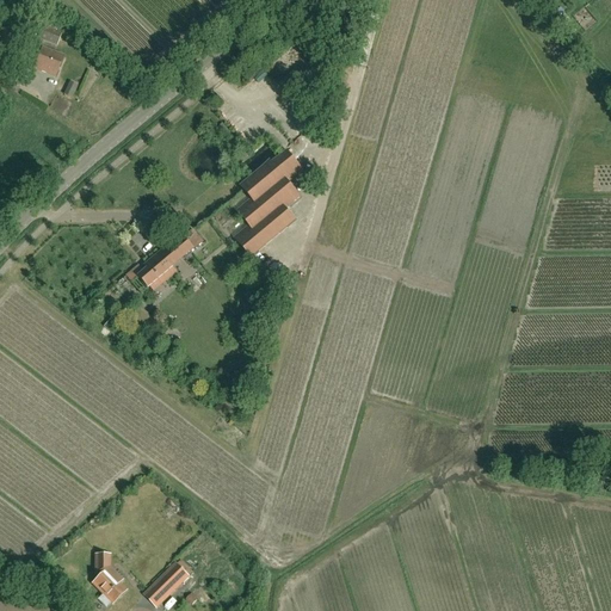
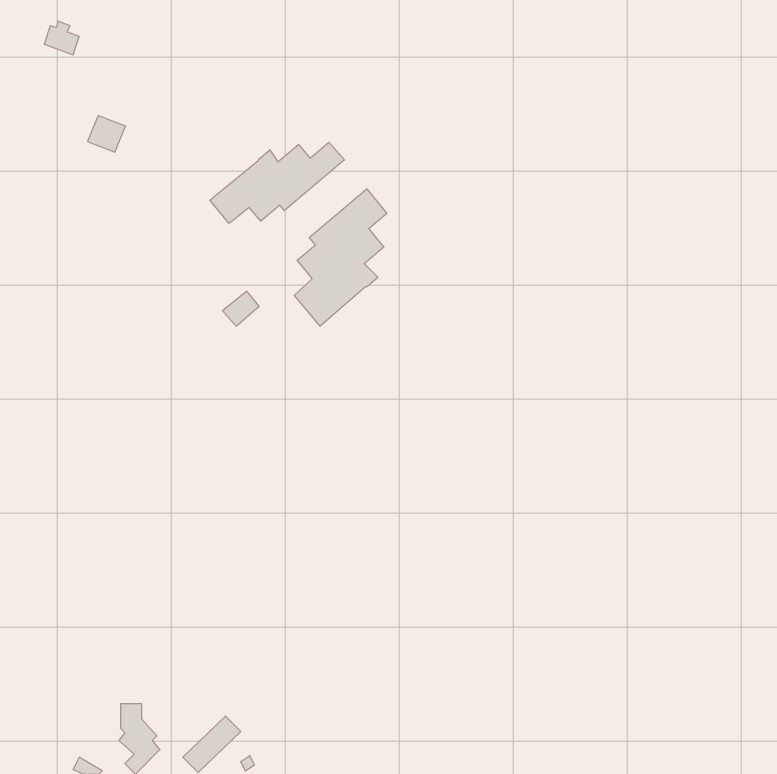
building: [35,45,64,74] -> [88,115,126,152]
building: none -> [210,142,345,223]
building: [128,252,175,285] -> none

